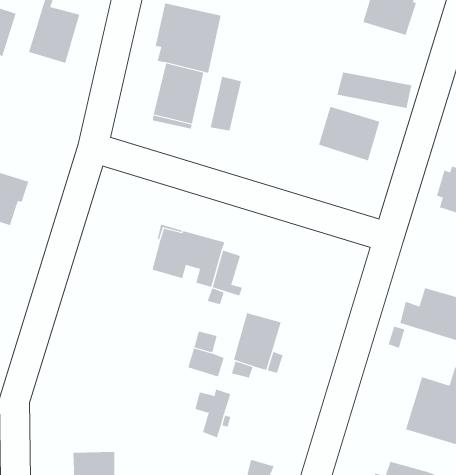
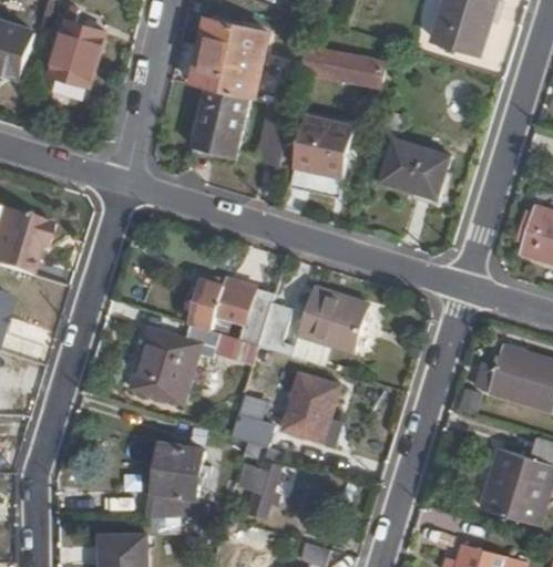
building: [337,72,412,108] -> [298,47,385,89]
building: none -> [291,115,355,178]
building: none -> [296,287,369,352]
building: none -> [127,326,234,406]
building: none -> [147,443,204,518]

